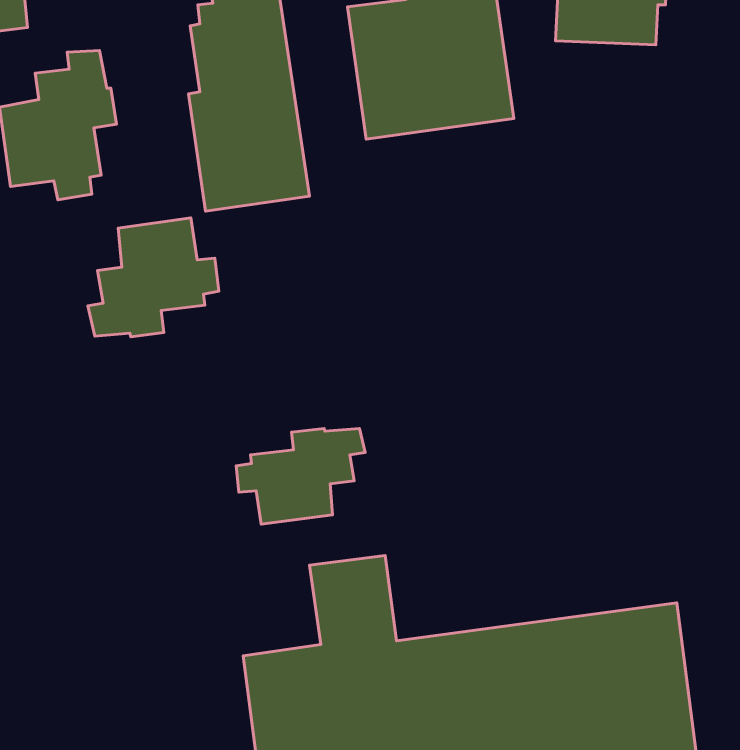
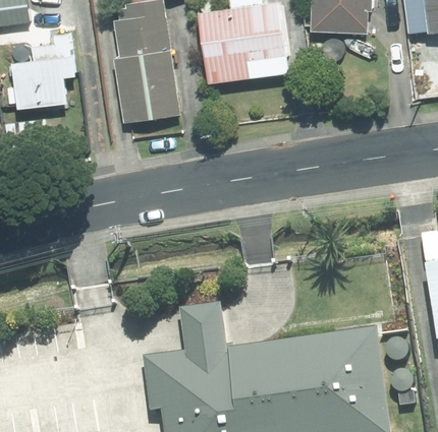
building: [88,218,219,337] -> none
building: [236,428,365,524] -> none

